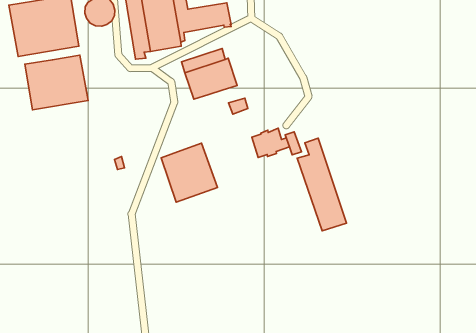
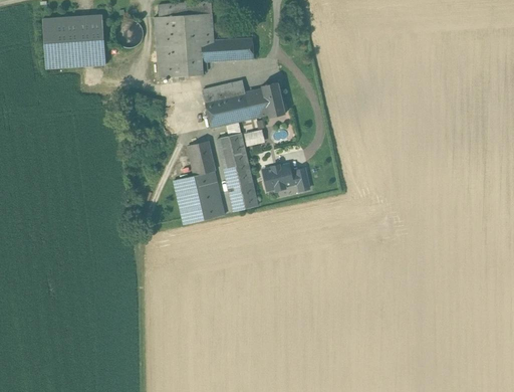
building: none -> [248,81,285,118]
building: [25,55,88,110] -> none
building: none -> [187,140,215,175]
building: [297,138,346,231] -> [217,121,258,210]

